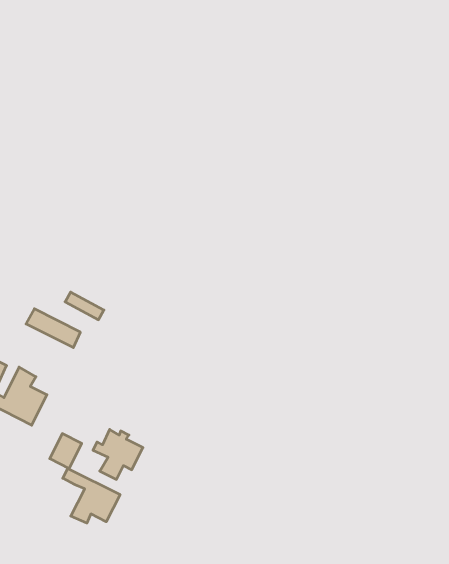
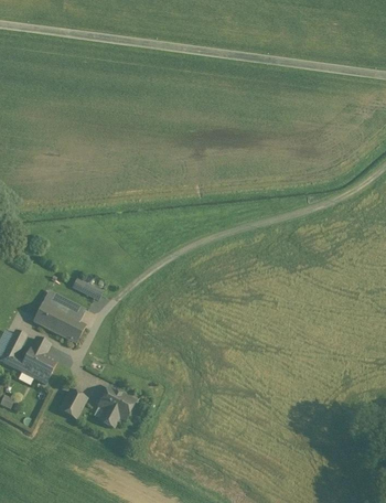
building: none -> [32,302,85,343]
building: [63,468,120,523] -> none

